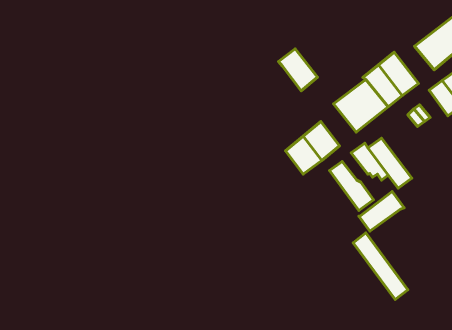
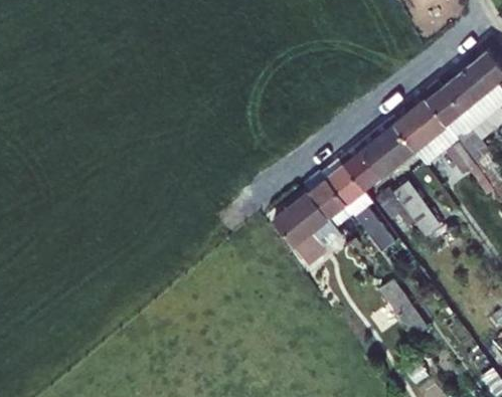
building: none -> [423,81,464,127]
building: [279,49,318,91] -> [343,148,383,191]
building: none -> [278,196,329,257]
building: [359,192,404,231] -> none

